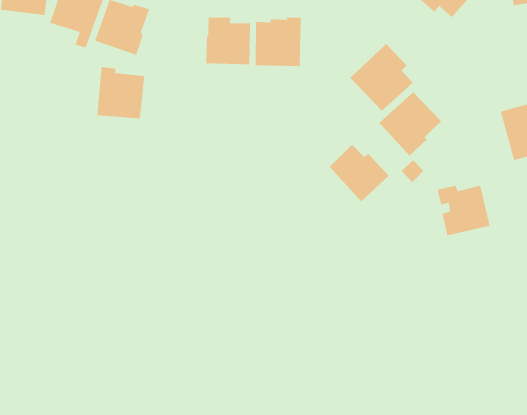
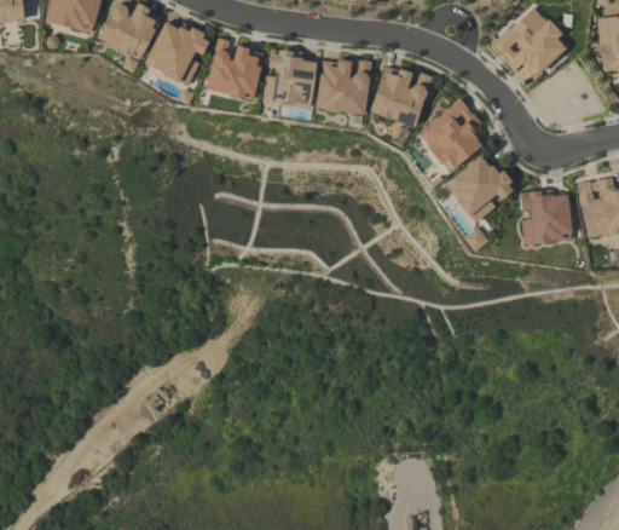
building: none -> [370,65,430,127]
building: [97,66,145,119] -> [207,38,264,99]
building: [329,144,390,202] -> none
building: [437,185,491,236] -> [519,191,573,246]

